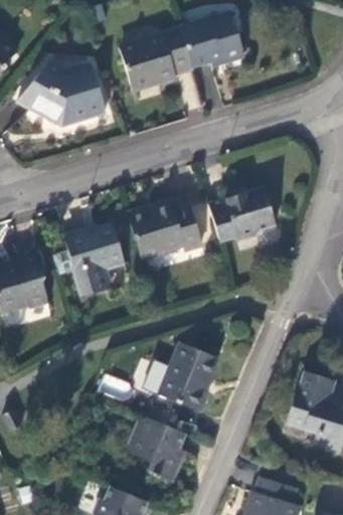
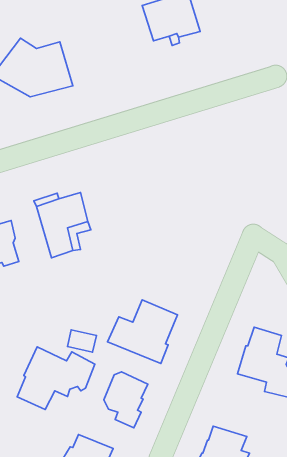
building: [119,26,192,85] -> none
building: [209,187,276,240] -> none
building: [131,194,201,255] -> none
building: none -> [17,347,95,409]

